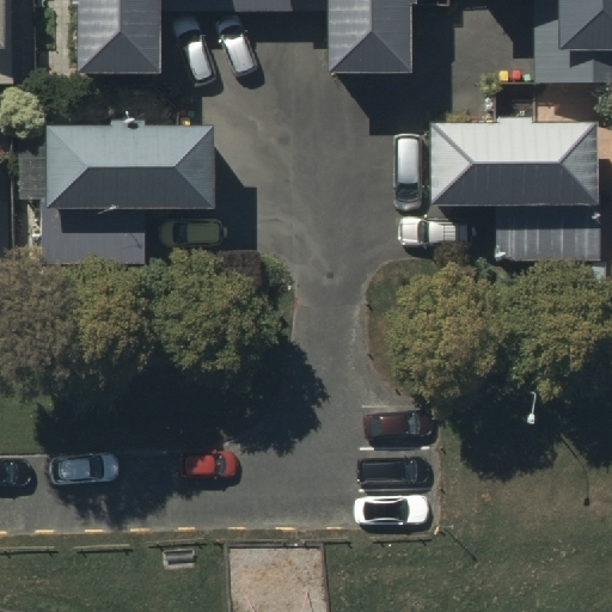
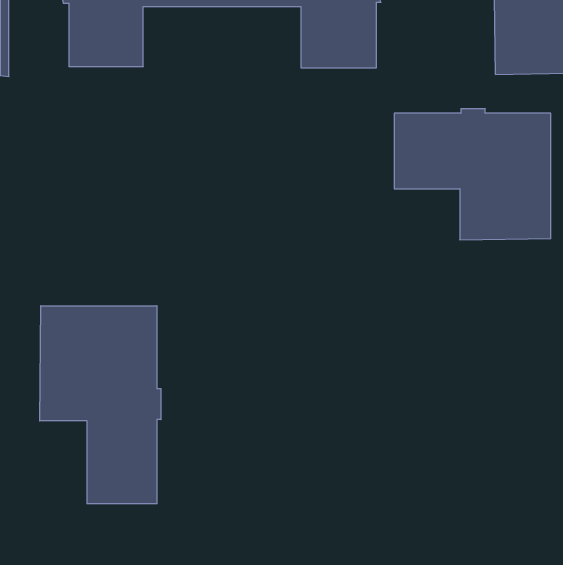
building: [45,124,213,262] -> none
building: none -> [40,306,161,504]

